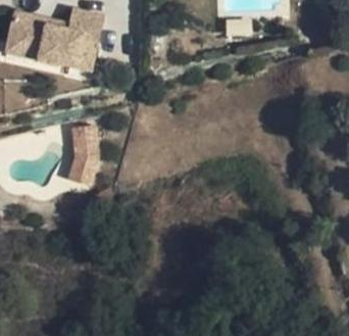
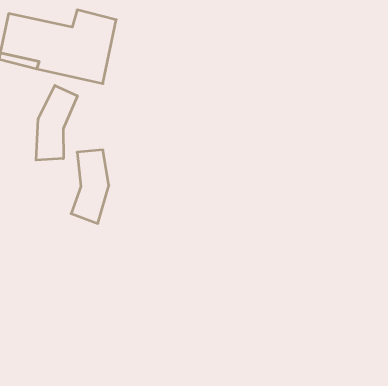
building: none -> [36,85,77,160]

